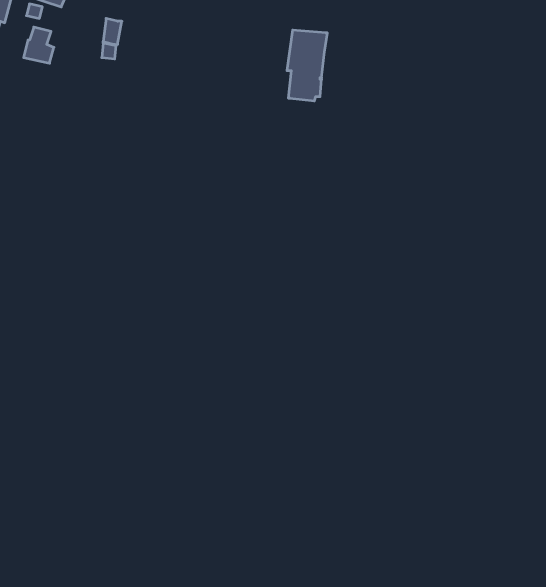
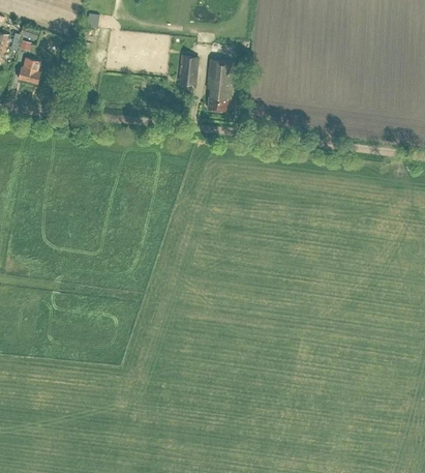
building: none -> [178,56,198,84]

